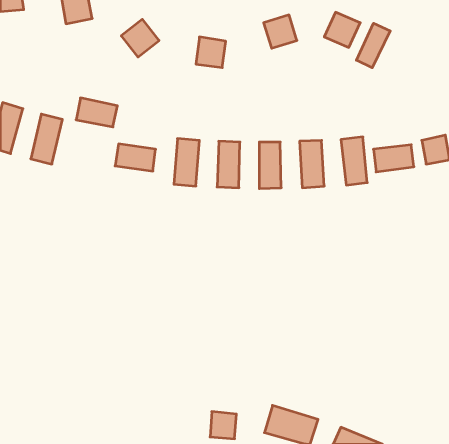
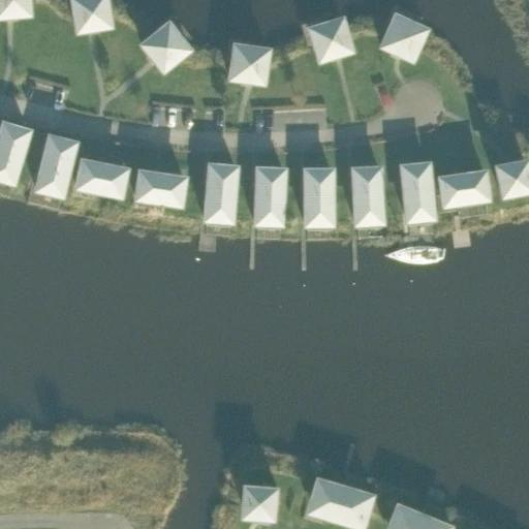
building: [356,23,390,68] -> none
building: [76,98,117,127] -> [76,158,125,192]

